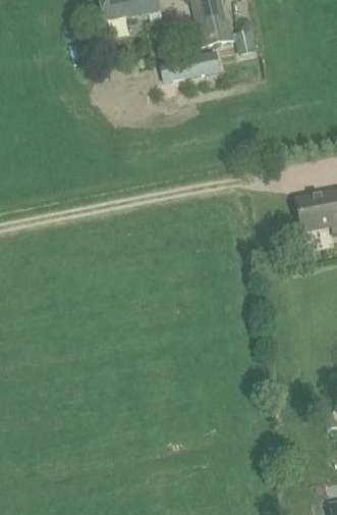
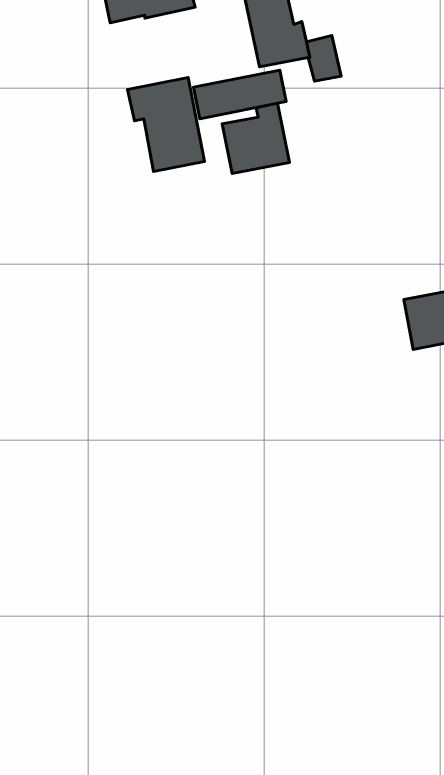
building: none -> [128,78,205,171]
building: none -> [222,103,289,174]

